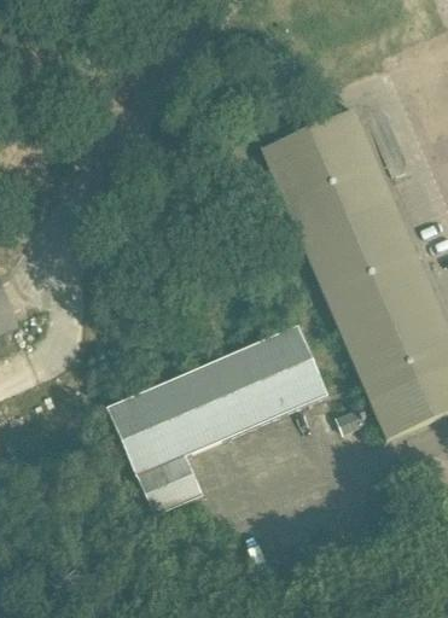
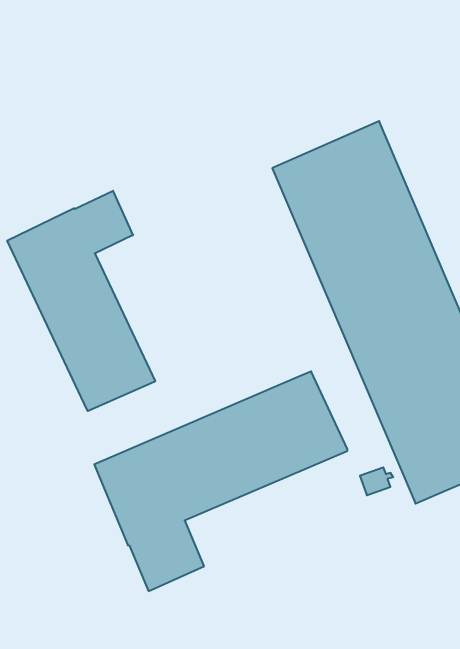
building: none -> [7,191,155,411]

